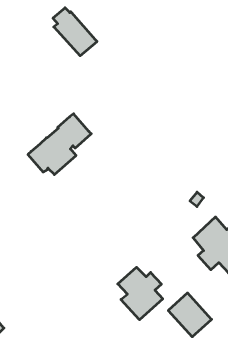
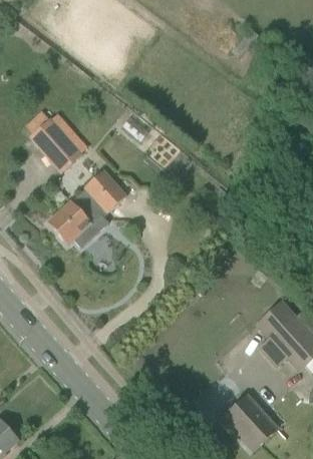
building: [53,8,97,56] -> [28,112,83,172]
building: [118,267,163,320] -> none

